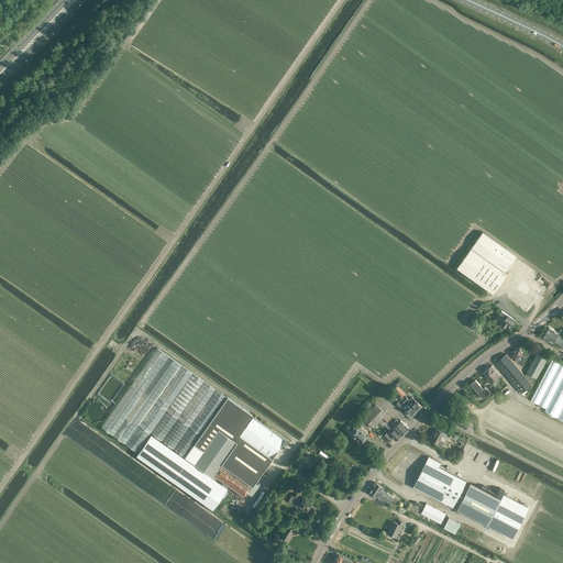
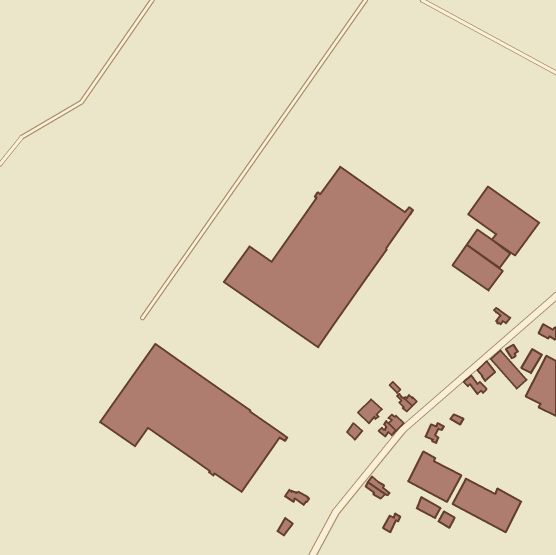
building: none -> [224,167,413,347]
building: none -> [468,187,539,255]
building: [135,435,228,511] -> none

